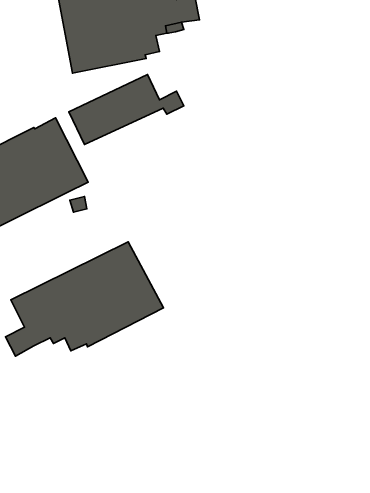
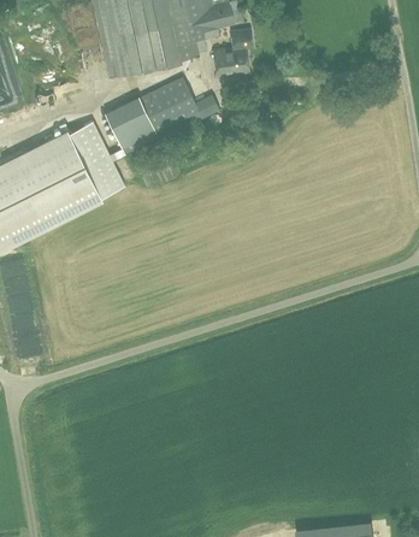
building: none -> [213,36,252,78]
building: [6,242,164,356] -> none

